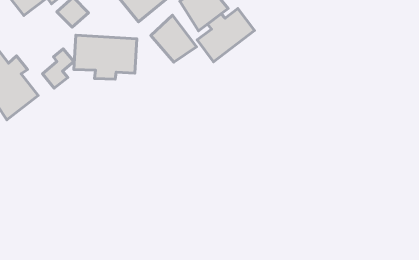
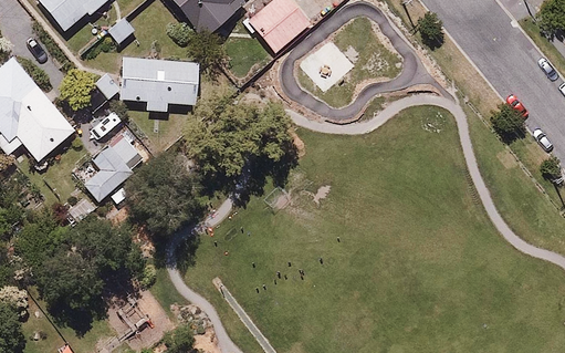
building: [197,9,254,62] -> none
building: [151,15,196,62] -> none
building: none -> [80,138,140,199]

